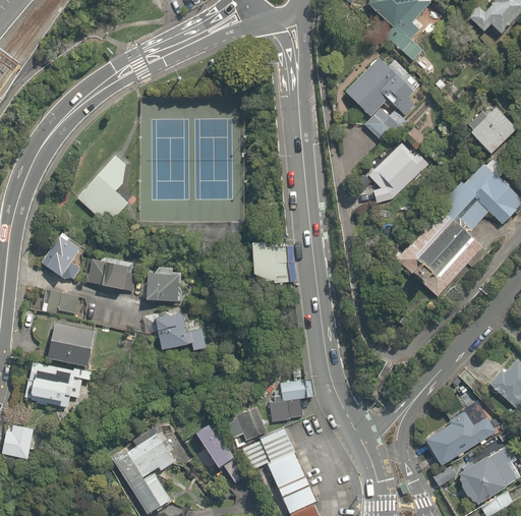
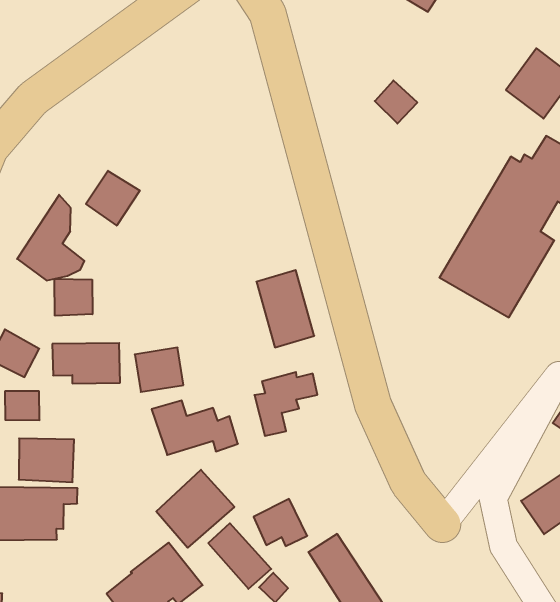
building: [340,54,418,116] -> none
building: [364,138,431,202] -> none
building: none -> [86,171,140,226]
building: none -> [54,279,92,316]
building: none -> [156,470,234,548]
building: [269,378,315,421] -> [254,372,317,436]

